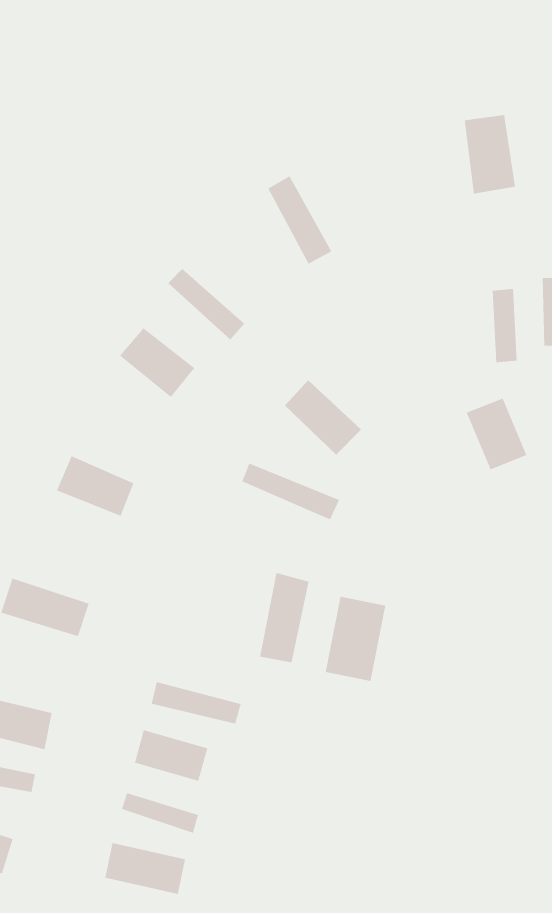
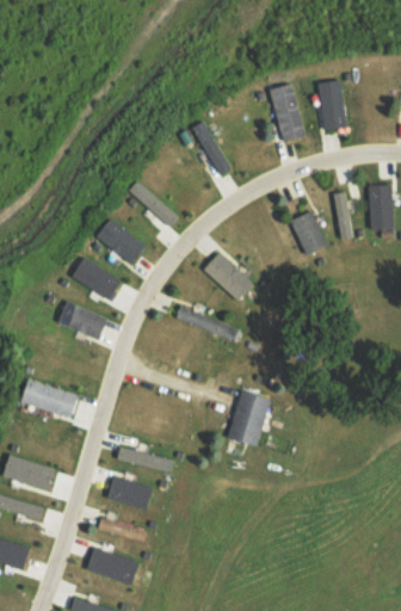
building: none -> [267,82,308,143]
building: none -> [69,255,118,298]
building: [466,398,527,470] -> [290,210,329,257]
building: [260,572,309,663] -> none

